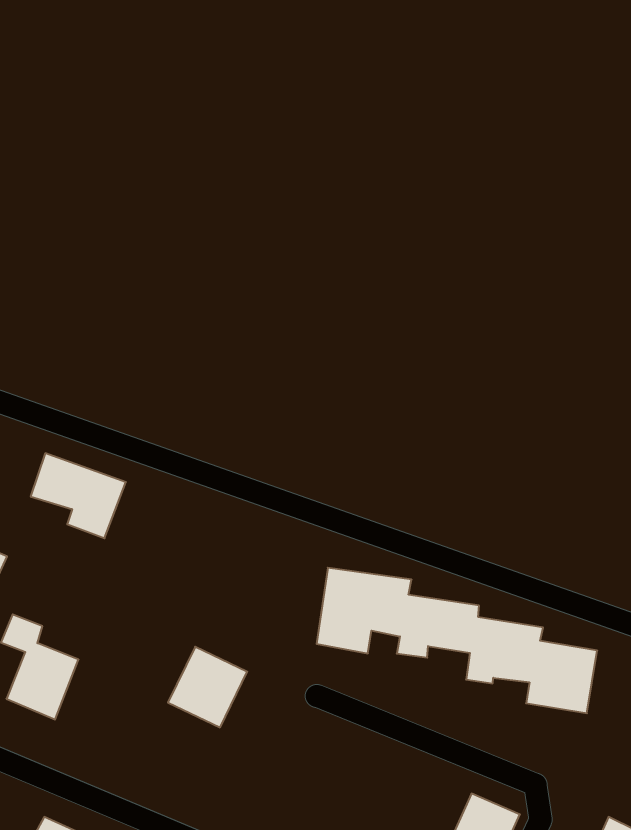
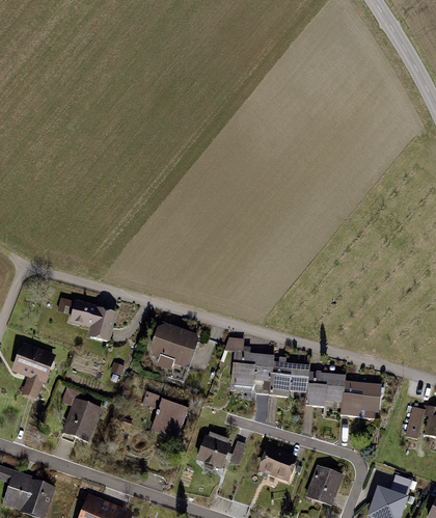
building: none -> [151,320,203,370]
building: none -> [199,437,247,470]
building: none -> [258,447,297,481]

